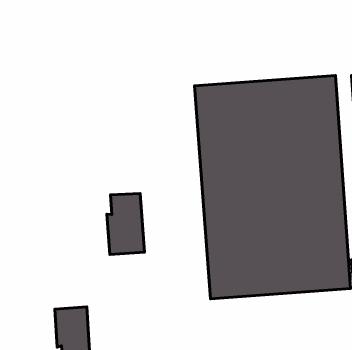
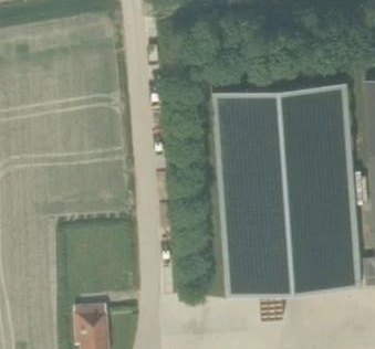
building: [107,193,144,255] -> none

